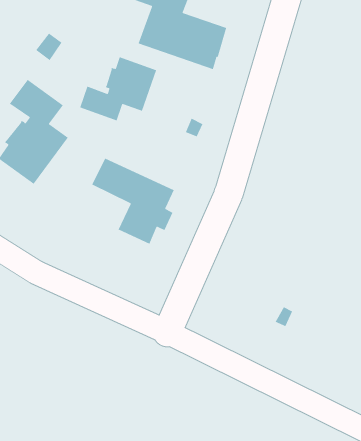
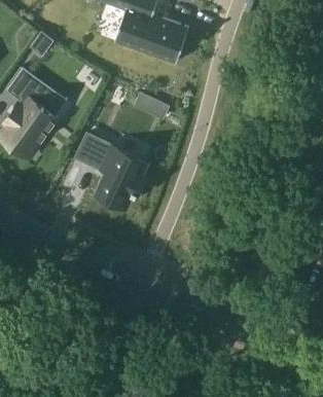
building: [79,56,157,121] -> none

